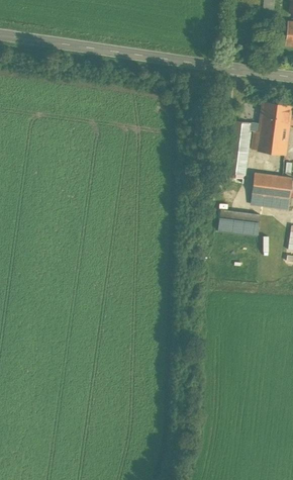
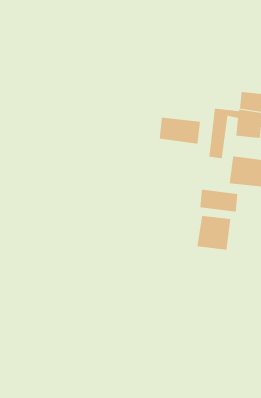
building: none -> [159,117,200,144]
building: none -> [197,215,231,250]

